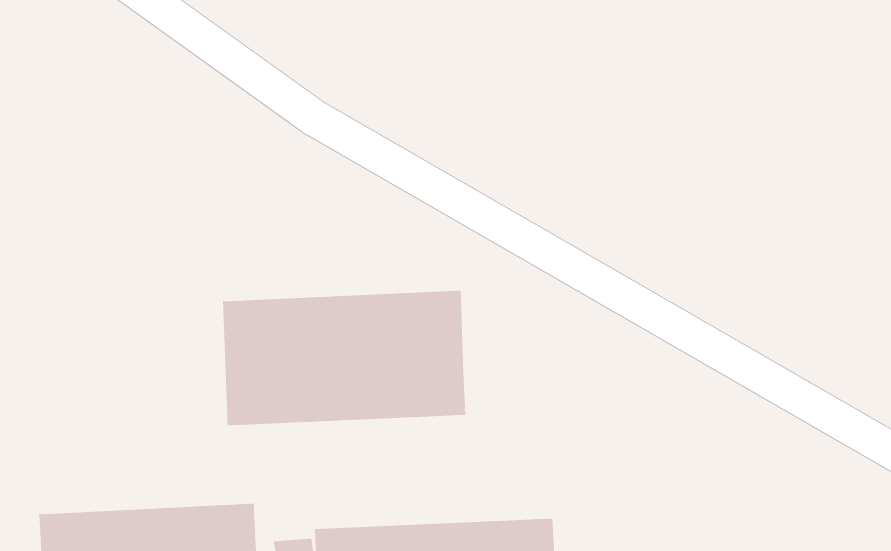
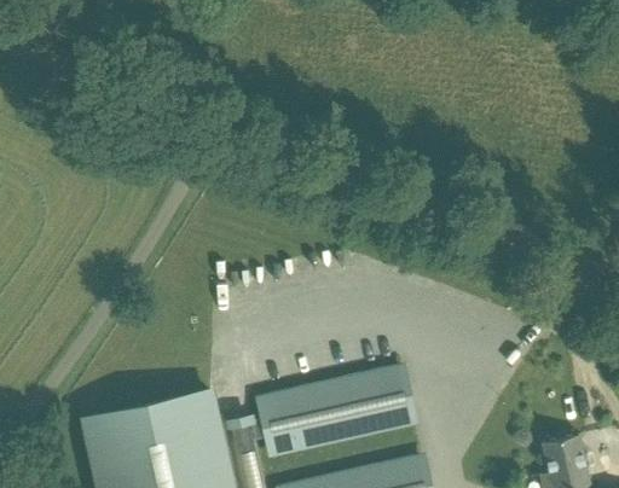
building: [222,290,466,426] -> none

